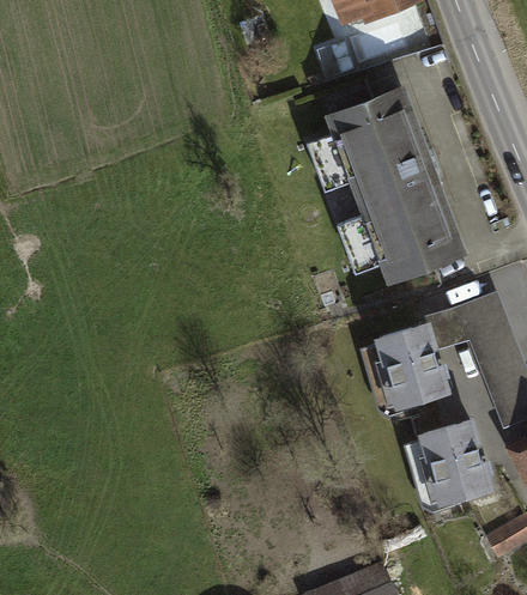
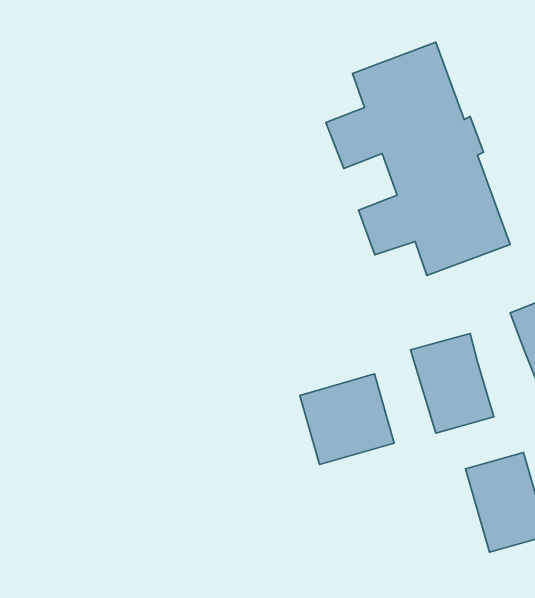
building: [425,308,471,347] -> none
building: none -> [300,374,394,465]

